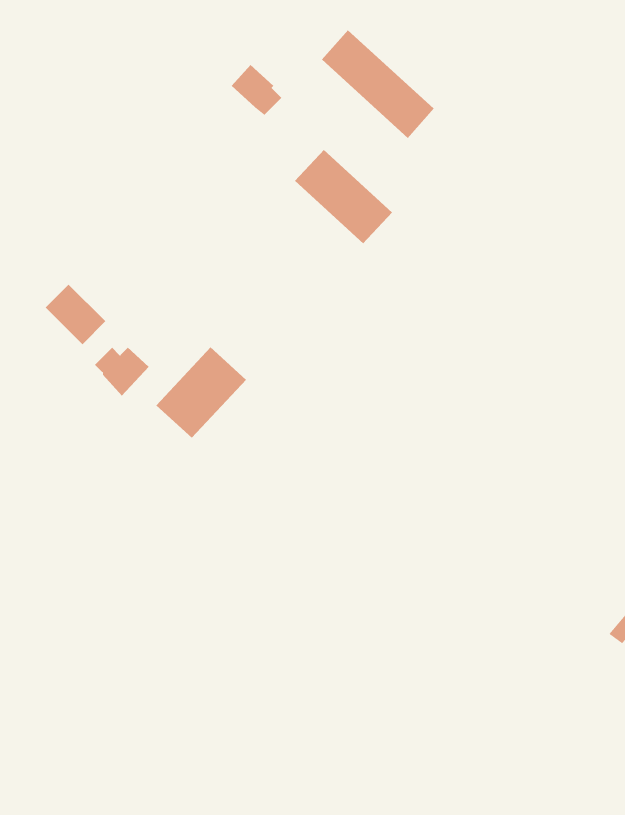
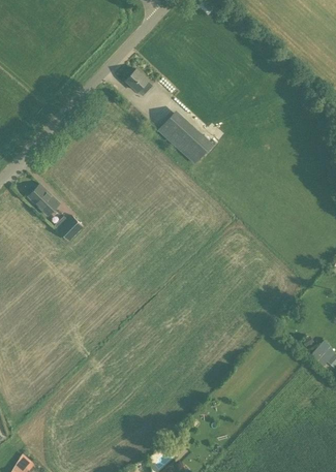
building: [321,29,434,139] -> none
building: [156,346,247,439] -> none

